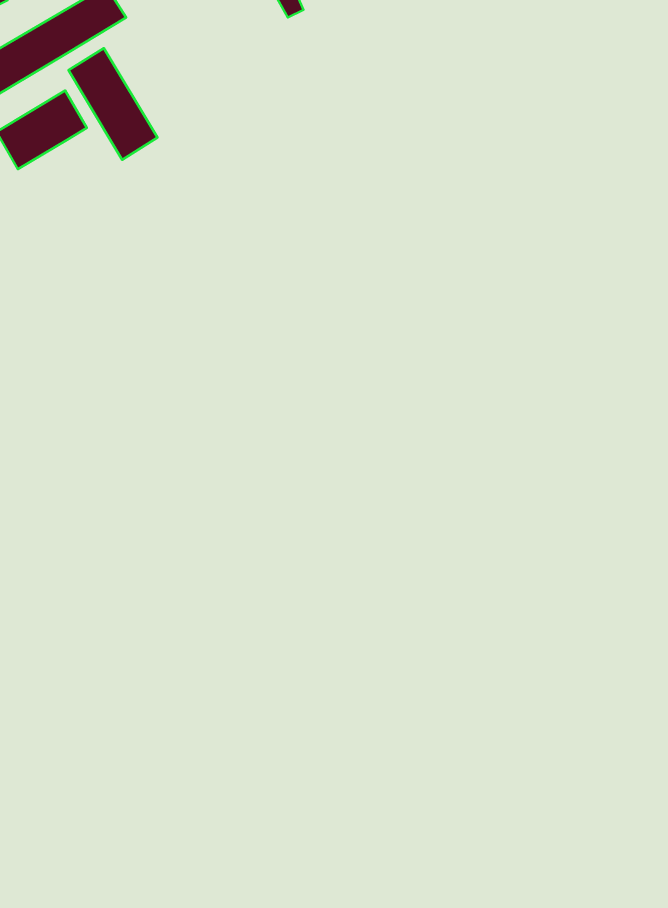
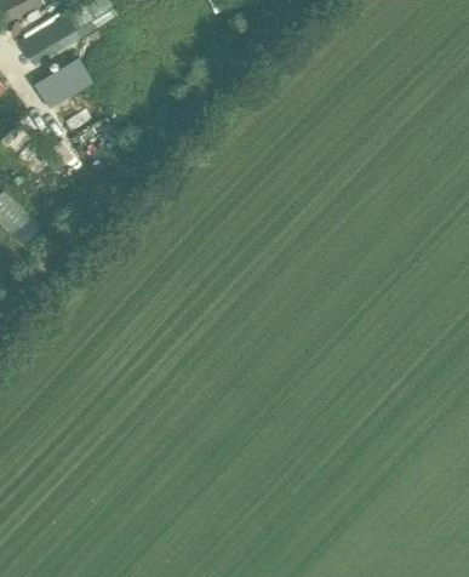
building: [69,48,158,160] -> none

